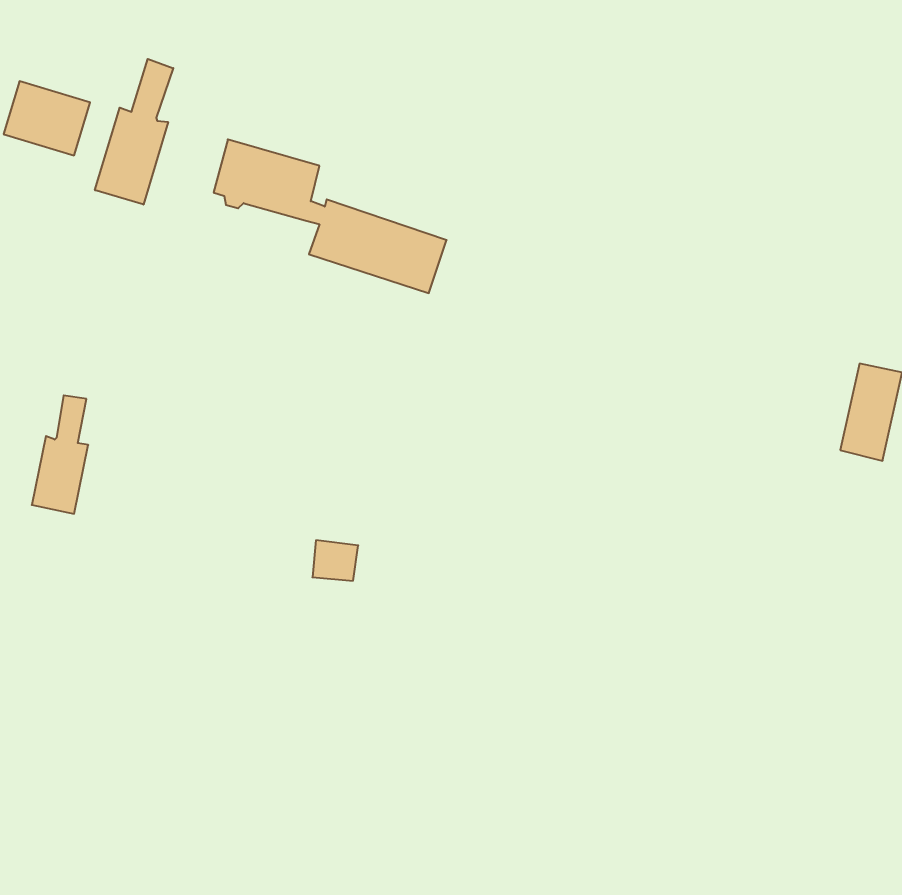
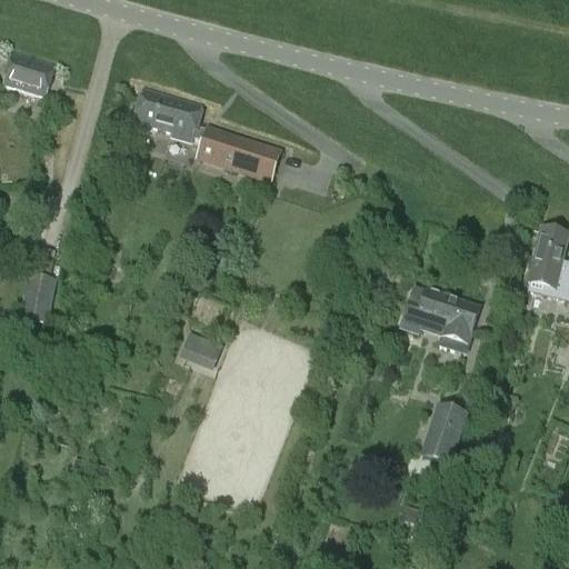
building: [95,59,173,205] -> none
building: none -> [401,287,480,346]
building: none -> [419,405,468,468]

